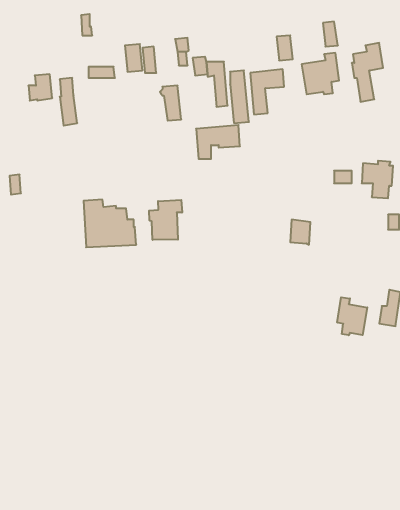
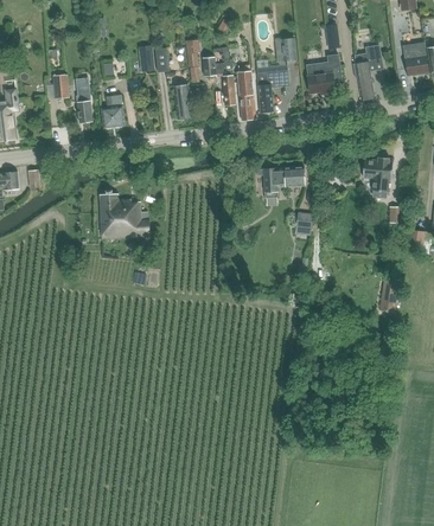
building: none -> [101,94,125,127]
building: [196,125,240,159] -> [262,165,304,197]
building: [149,200,182,240] -> none
building: [337,297,367,335] -> none

